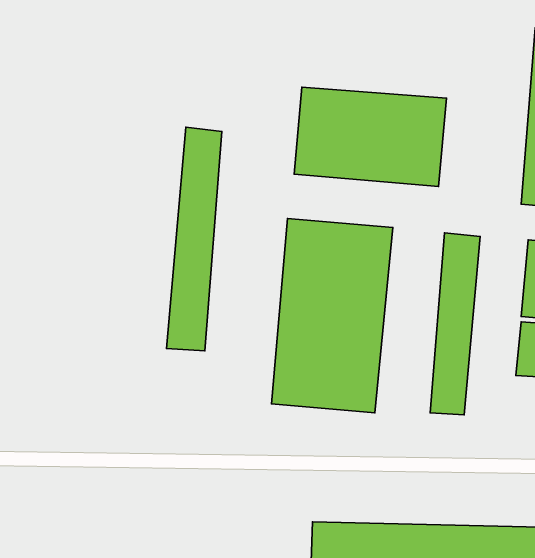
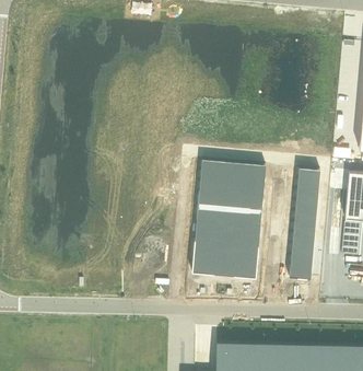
building: [294,87,446,187] -> none
building: [167,127,222,351] -> none

